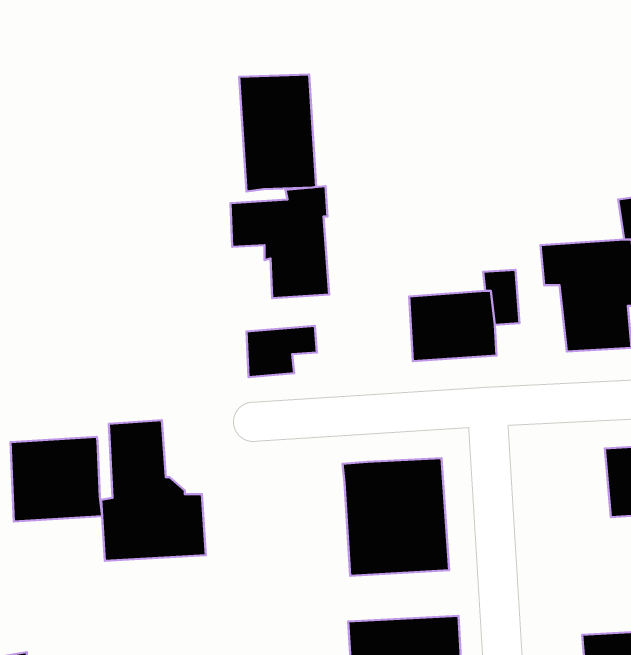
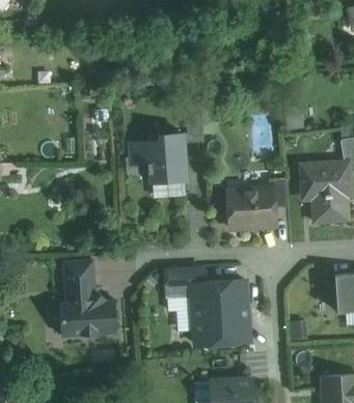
building: [239,74,316,192] -> none
building: [246,326,317,377] -> [166,267,205,295]
building: [10,437,102,522] -> none

